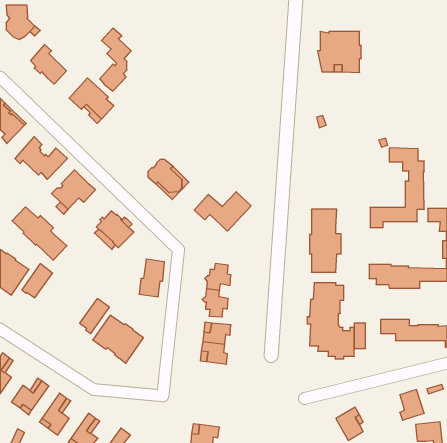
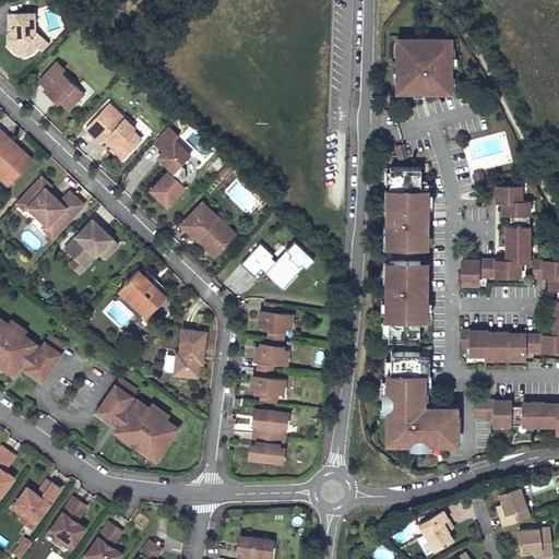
building: [100,28,131,91] -> [152,126,191,204]
building: none -> [388,173,427,251]
building: [12,207,67,260] -> none
building: none -> [260,300,293,336]

